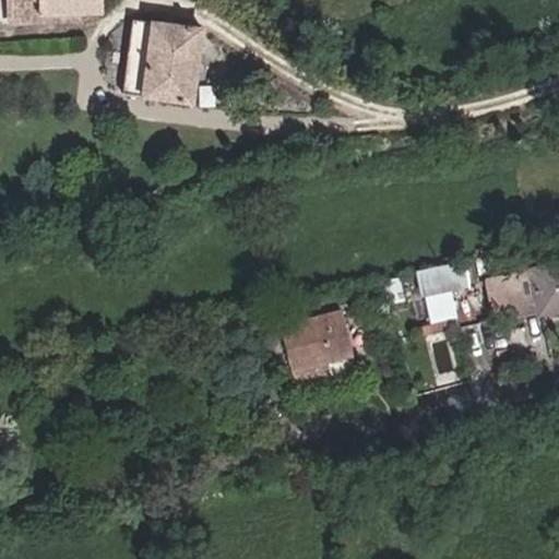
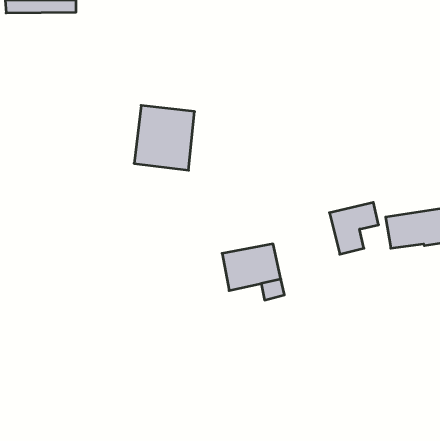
building: [123,23,200,105] -> [134,105,195,170]

